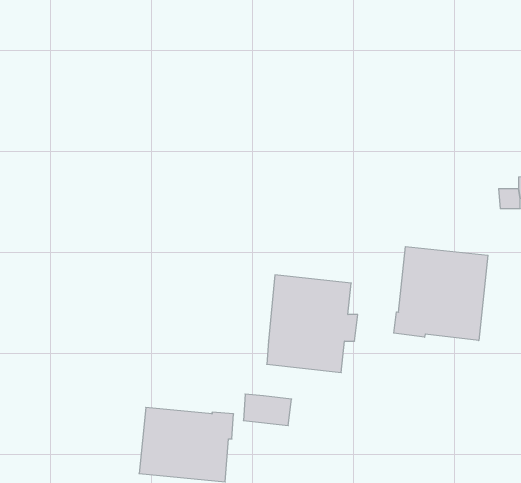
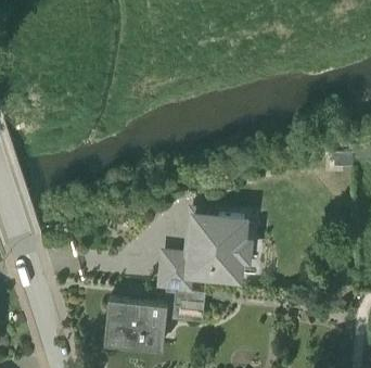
building: [394,247,488,341] -> none
building: none -> [161,255,190,293]

